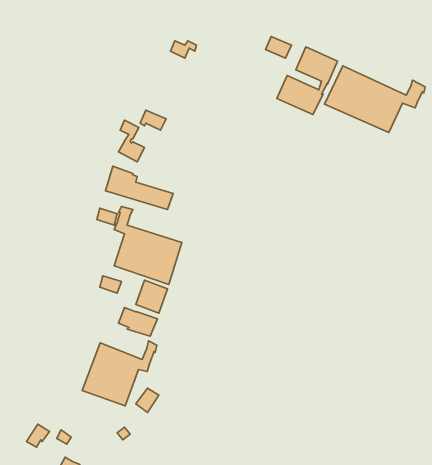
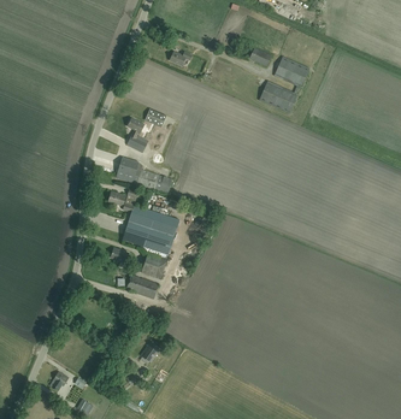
building: [324,66,425,132] -> none
building: [82,341,157,406] -> none

